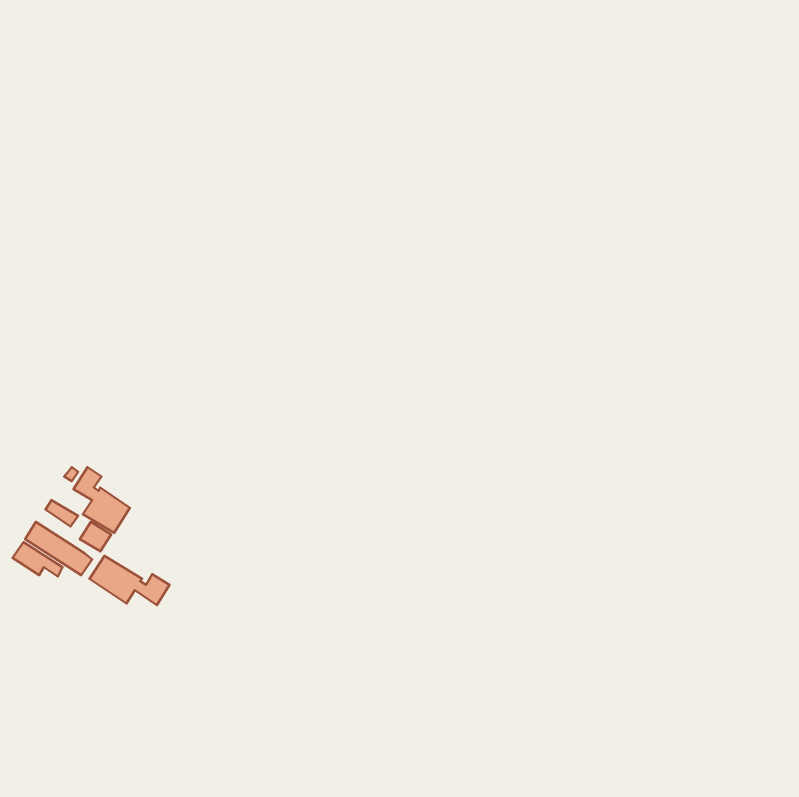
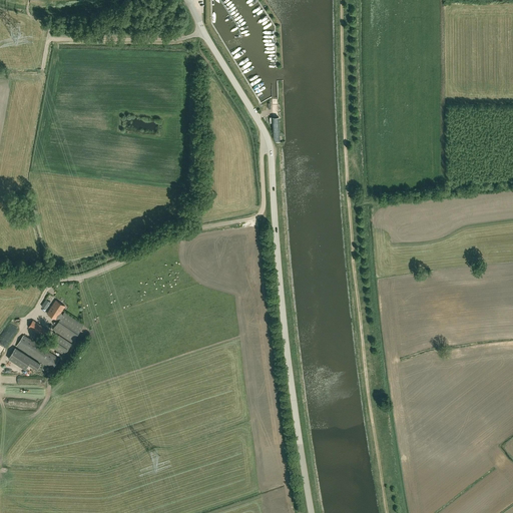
building: [90,556,170,605] -> none

